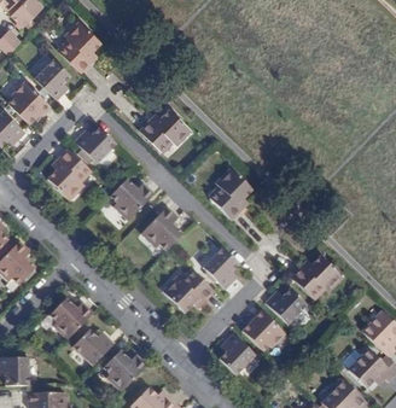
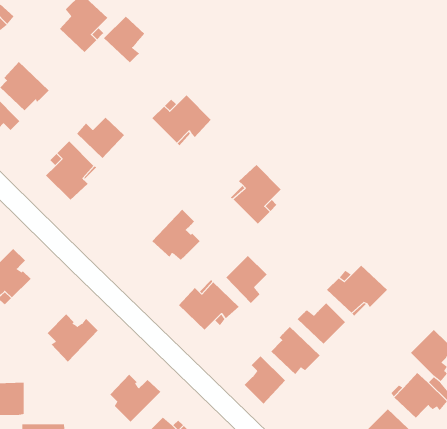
building: [34,57,70,98] -> [103,16,145,63]
building: [107,179,152,221] -> none
building: [72,328,113,365] -> none

